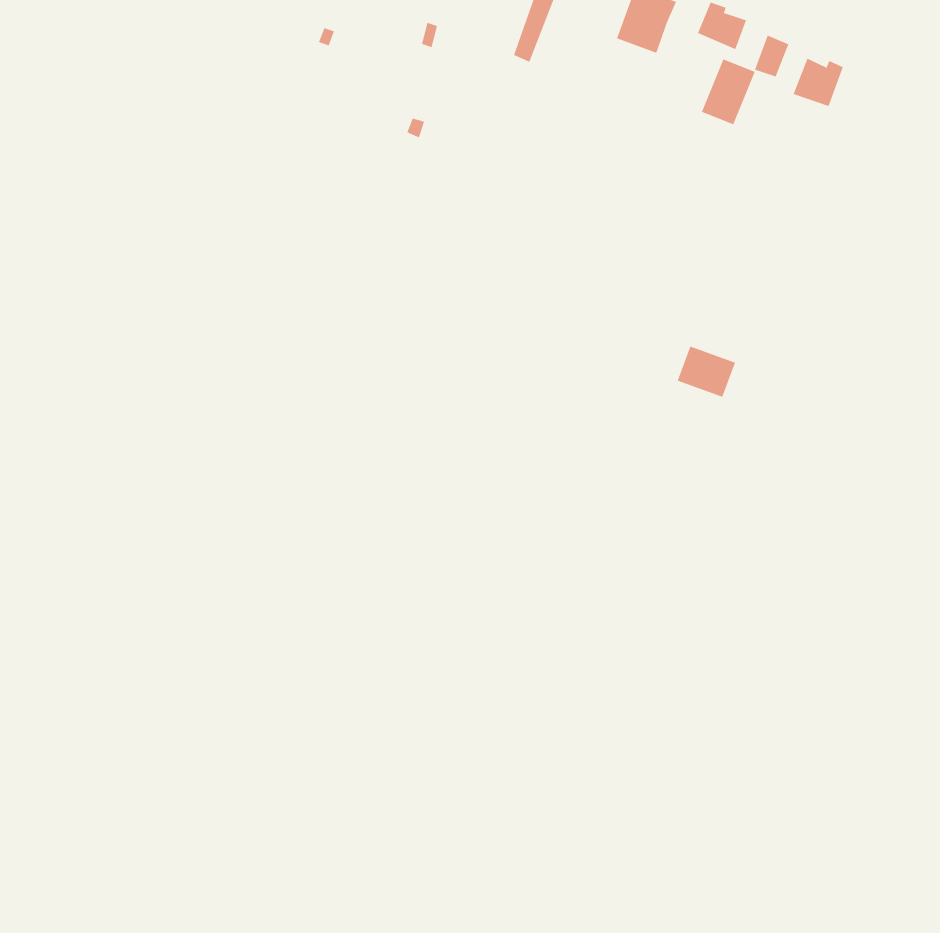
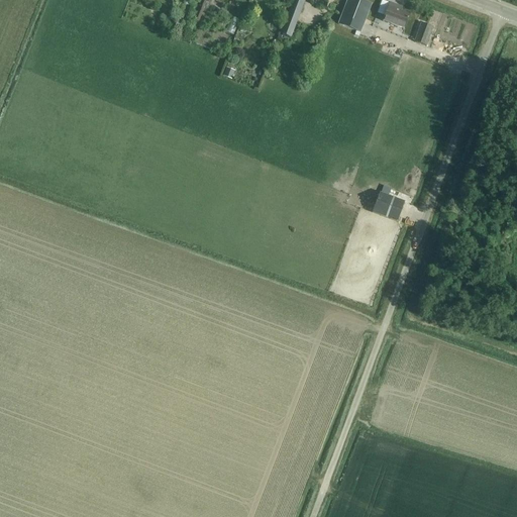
building: [793,58,843,107] -> none
building: [701,58,756,125] -> none

